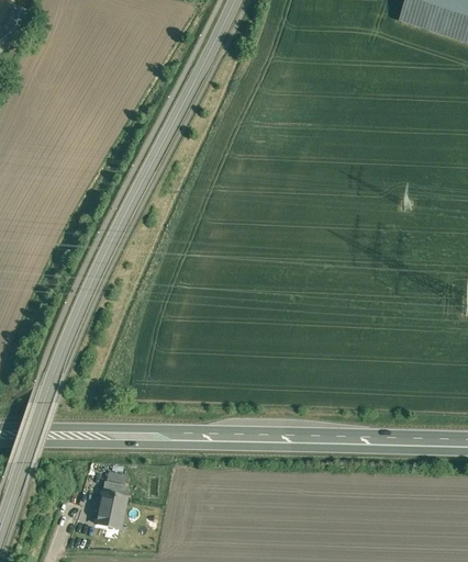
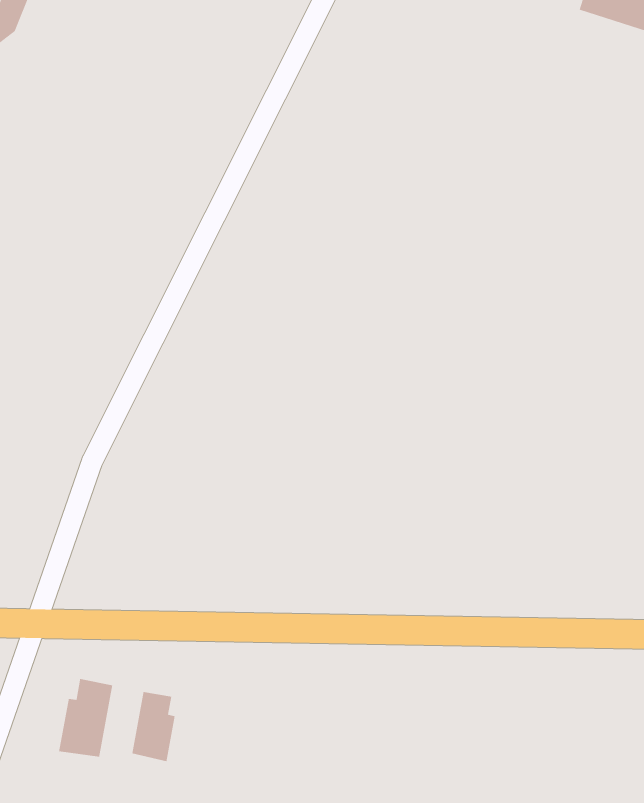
building: none -> [58,678,113,757]

